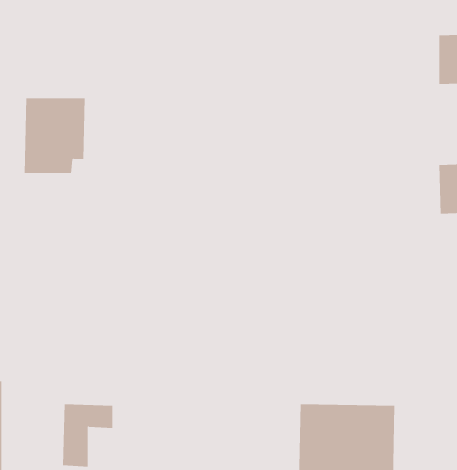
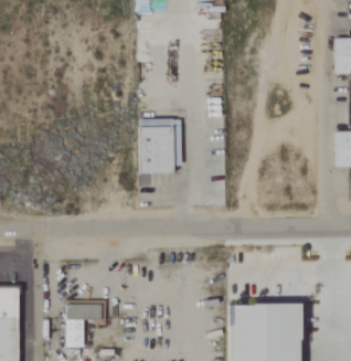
building: [24,98,86,173] -> [137,120,181,174]

